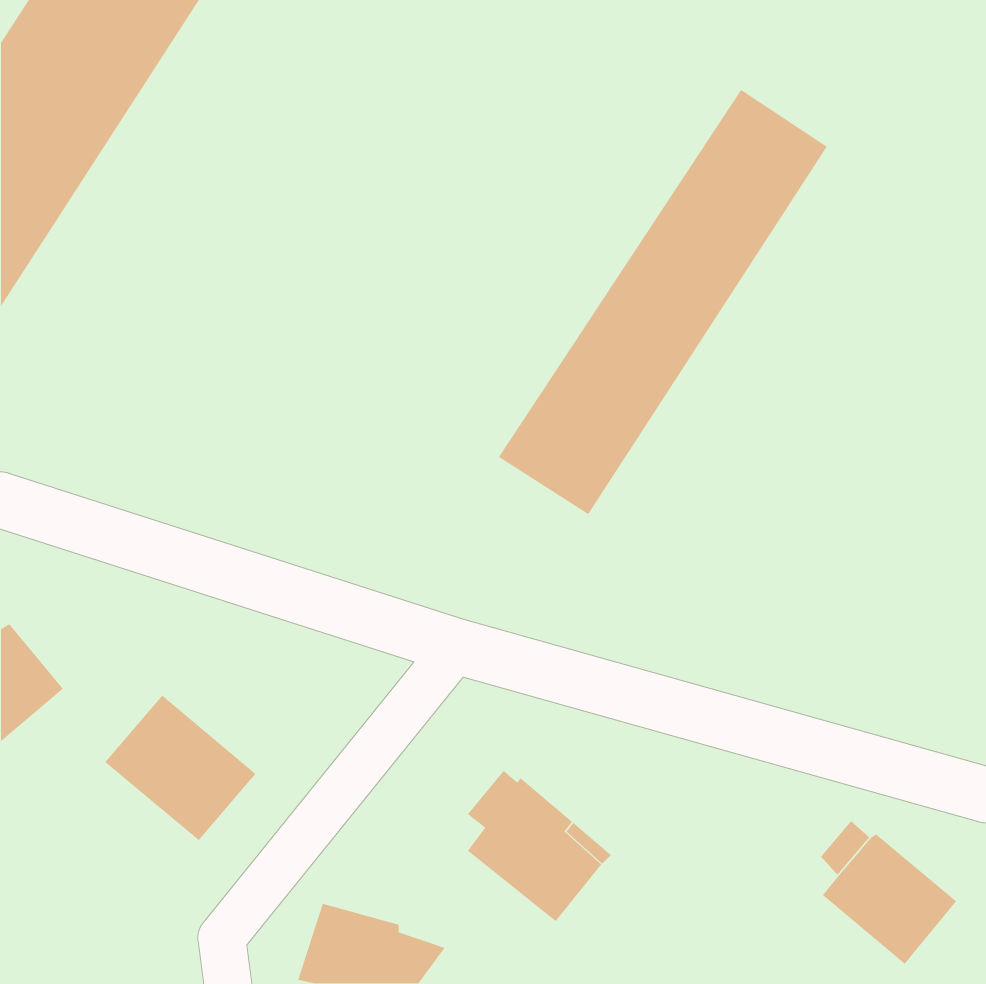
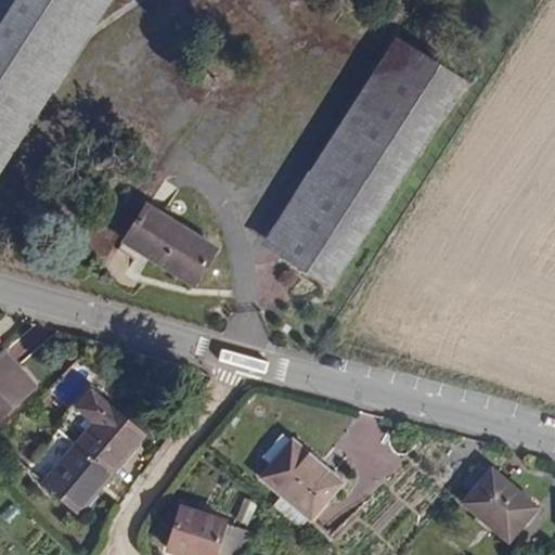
building: none -> [261,36,416,257]
building: none -> [120,203,217,285]
building: none -> [27,428,112,512]

